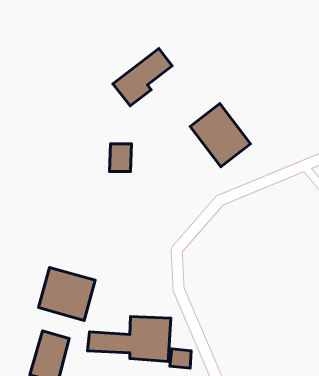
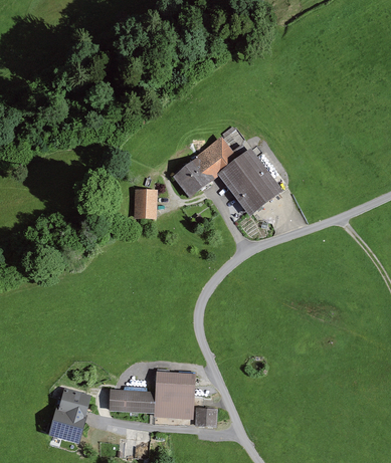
building: [113,48,172,106] -> [171,136,233,196]
building: [39,267,95,320] -> none

